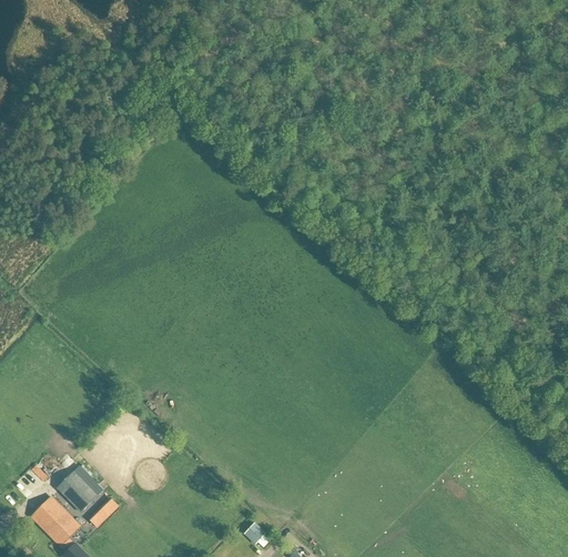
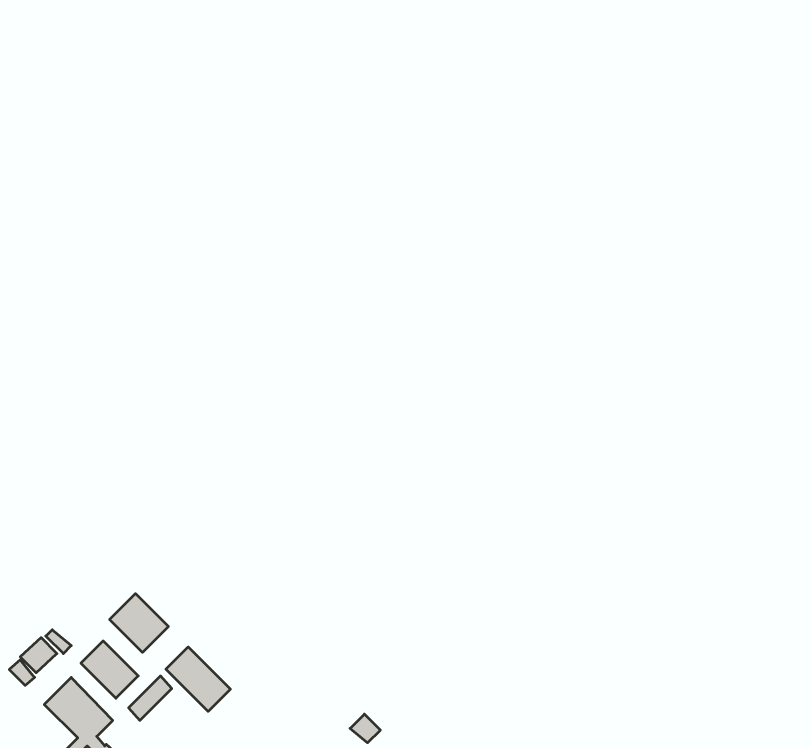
building: none -> [110,594,168,652]
building: none -> [166,647,230,711]

